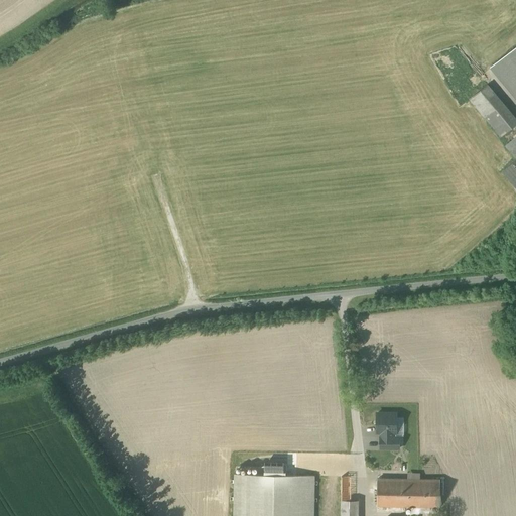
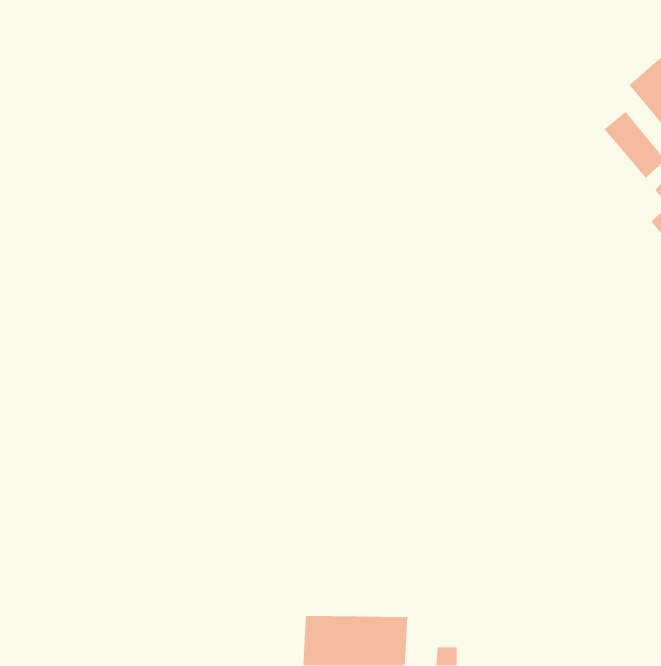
building: [375,414,400,448] -> none
building: [379,481,443,508] -> none

